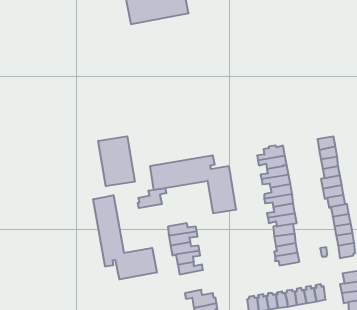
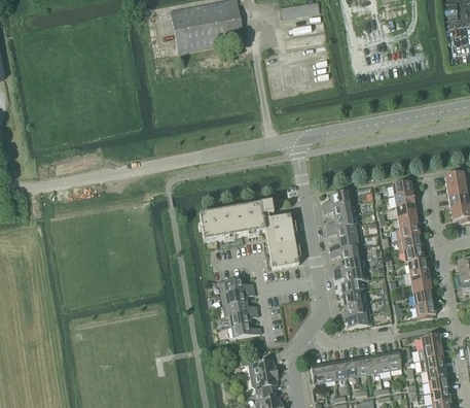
building: [98,136,135,186] -> none
building: [138,188,166,208] -> none
building: [93,195,157,279] -> none

